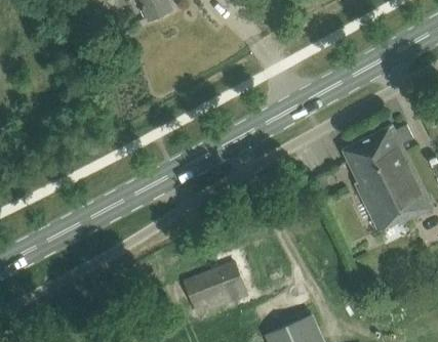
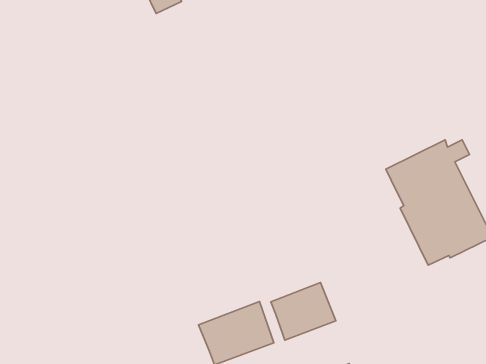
building: none -> [271,282,336,340]

